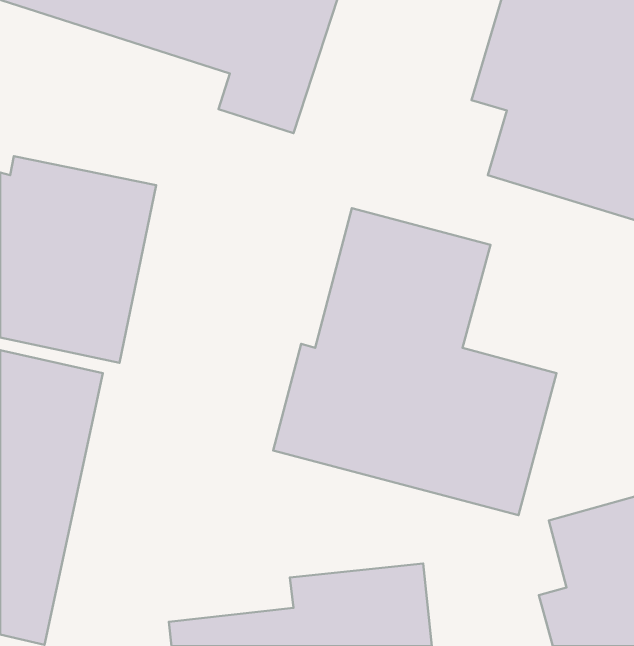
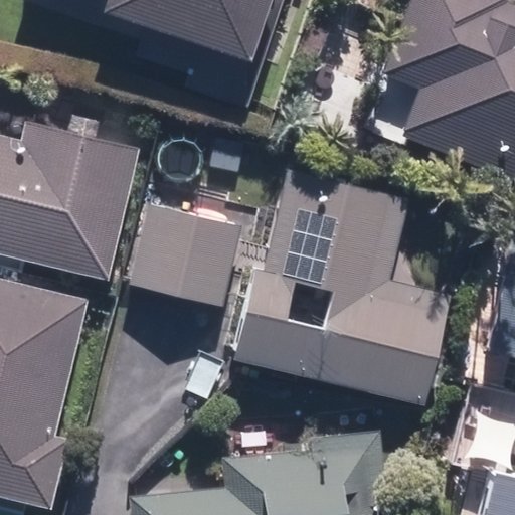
building: none -> [131,201,243,311]

